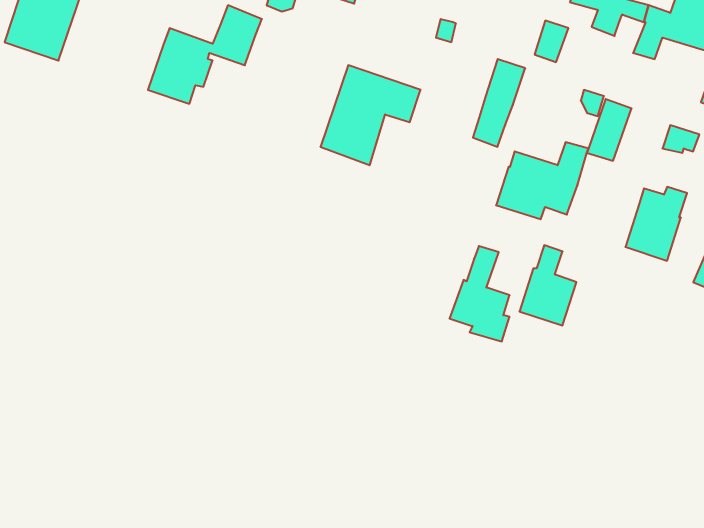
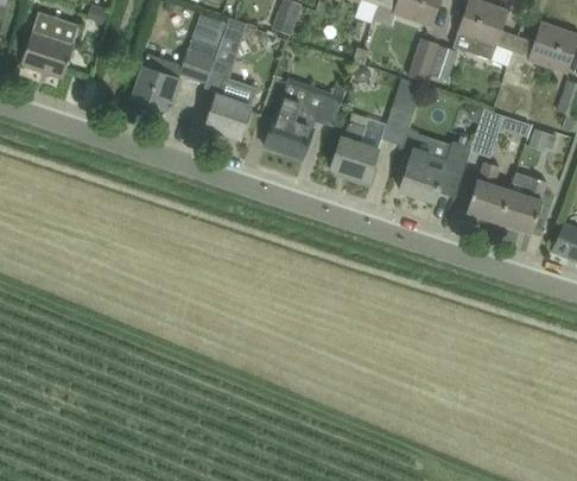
building: none -> [407,37,438,82]
building: none -> [204,58,258,138]
building: [519,245,576,325] -> [465,160,509,222]
building: [449,246,510,341] -> [330,112,376,185]

